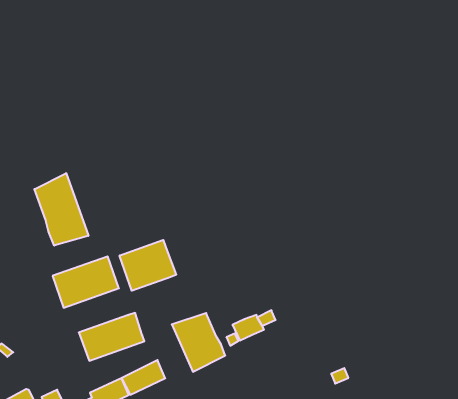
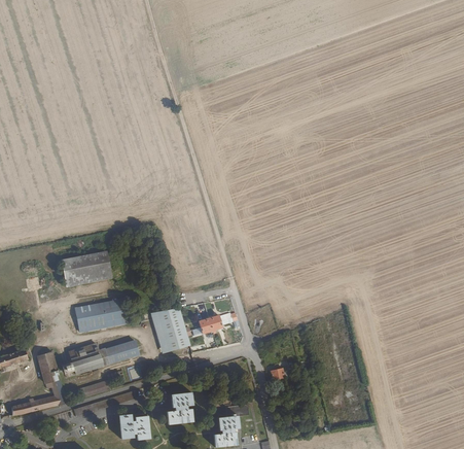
building: [34,173,88,246] -> none
building: [120,240,176,291] -> none

